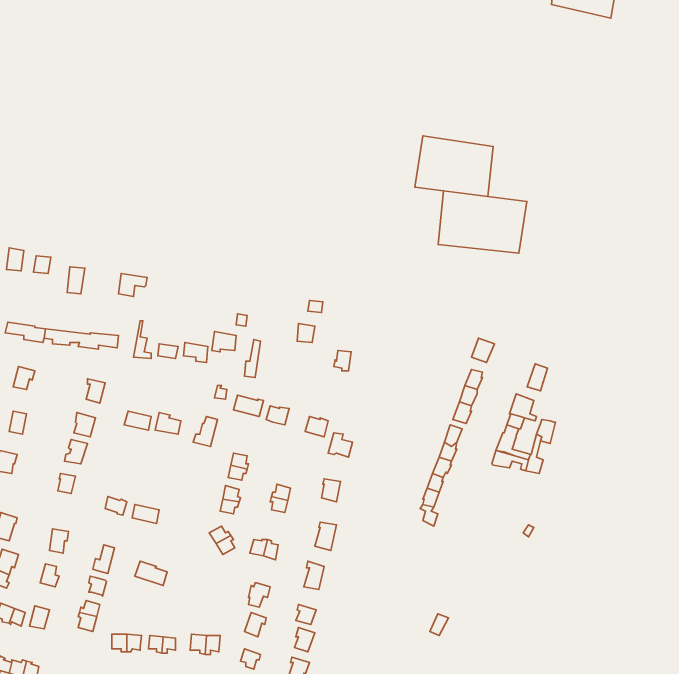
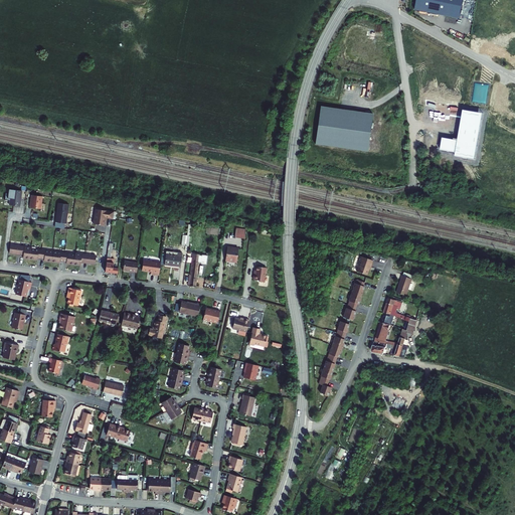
building: none -> [441,110,482,159]
building: [438,191,527,253] -> none

